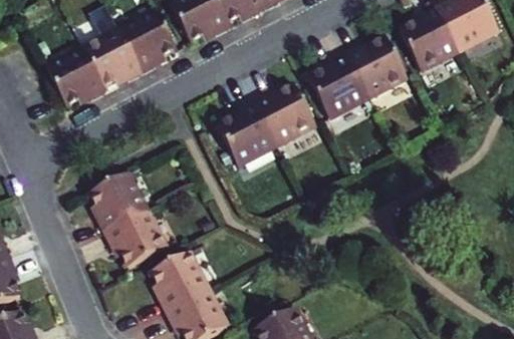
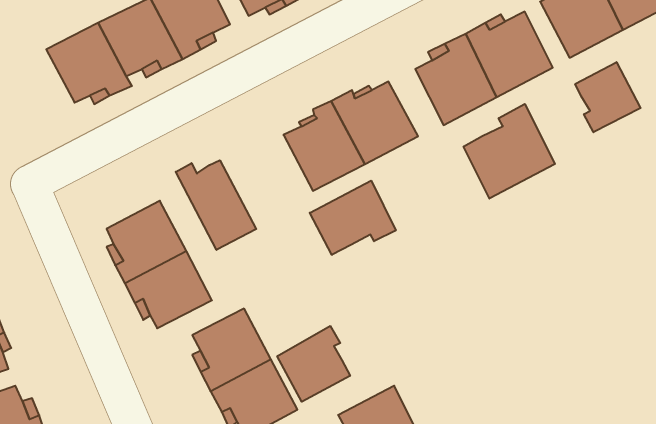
building: none -> [575,62,641,132]
building: none -> [464,104,555,199]
building: none -> [176,160,256,250]
building: none -> [310,181,396,255]
building: none -> [277,326,350,402]

